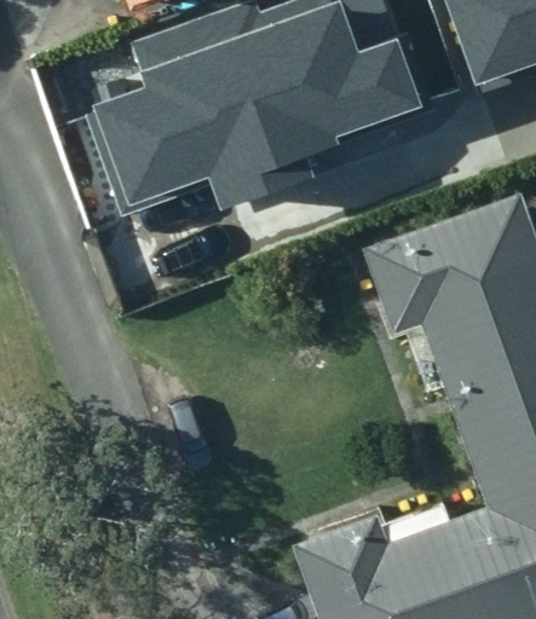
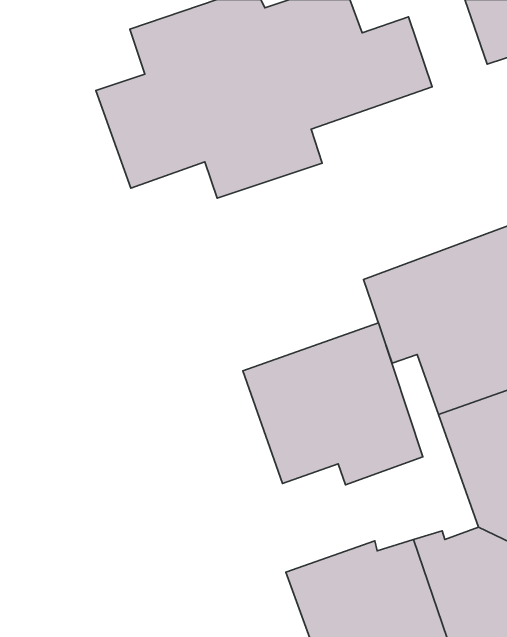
building: none -> [243,323,423,485]

